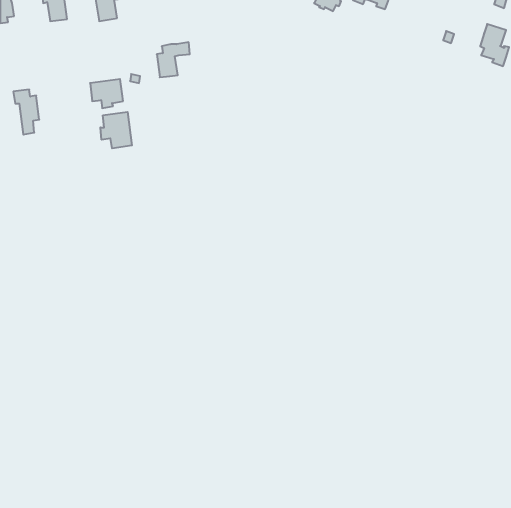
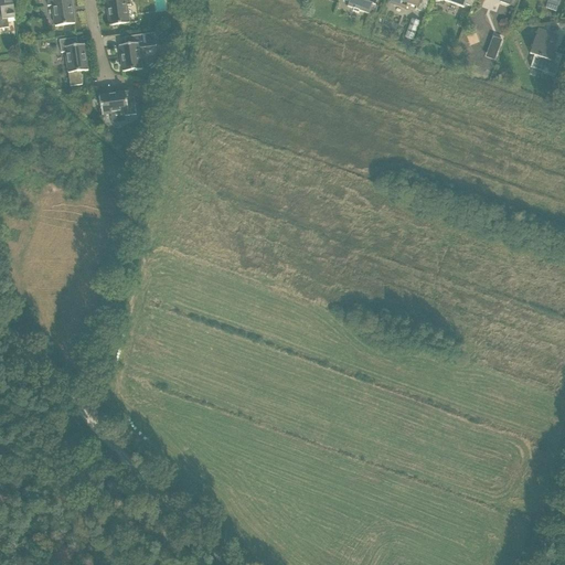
building: [157,42,190,77] -> [119,30,156,68]
building: [13,90,39,135] -> [58,34,87,84]
building: [100,112,132,148] -> none

